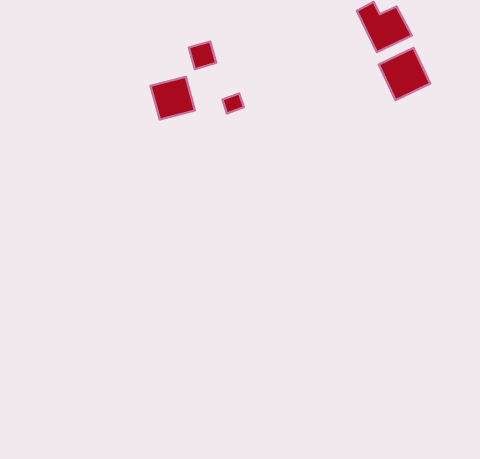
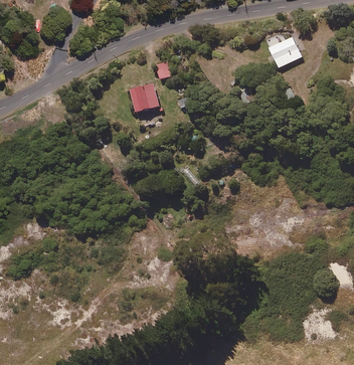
building: [379,48,430,100] -> none

